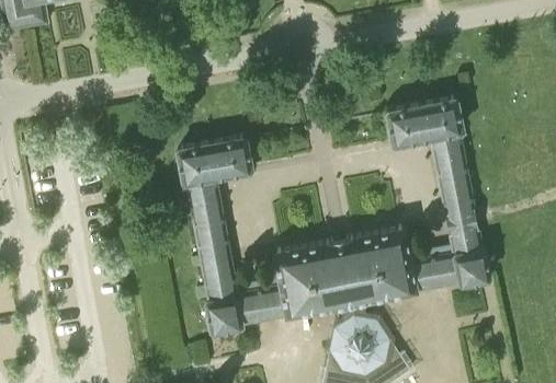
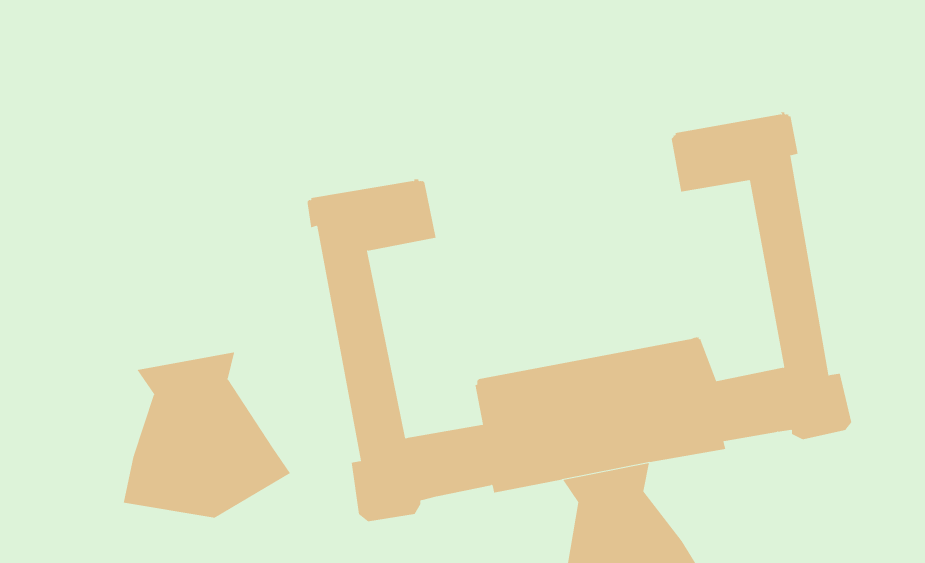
building: none -> [123,351,291,518]

